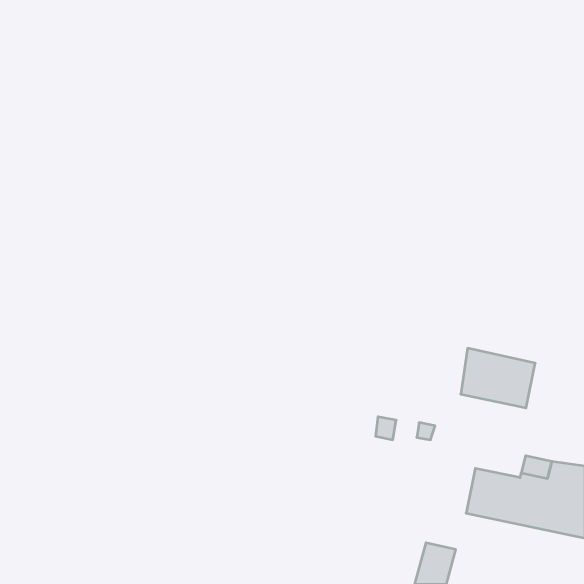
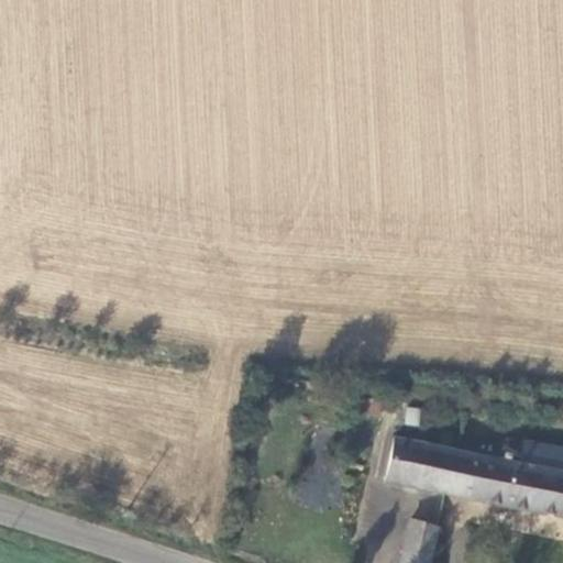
building: [461,348,535,408] -> [386,435,457,493]

